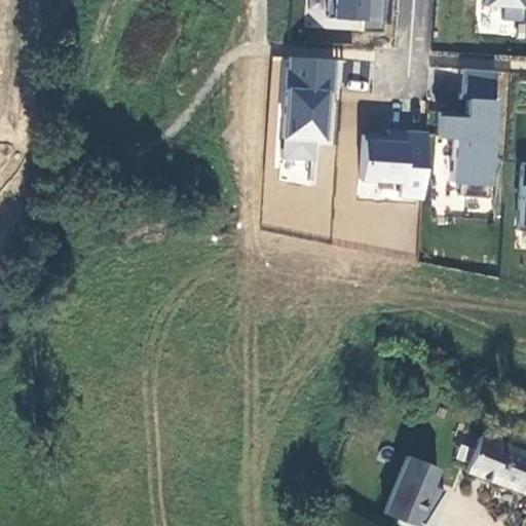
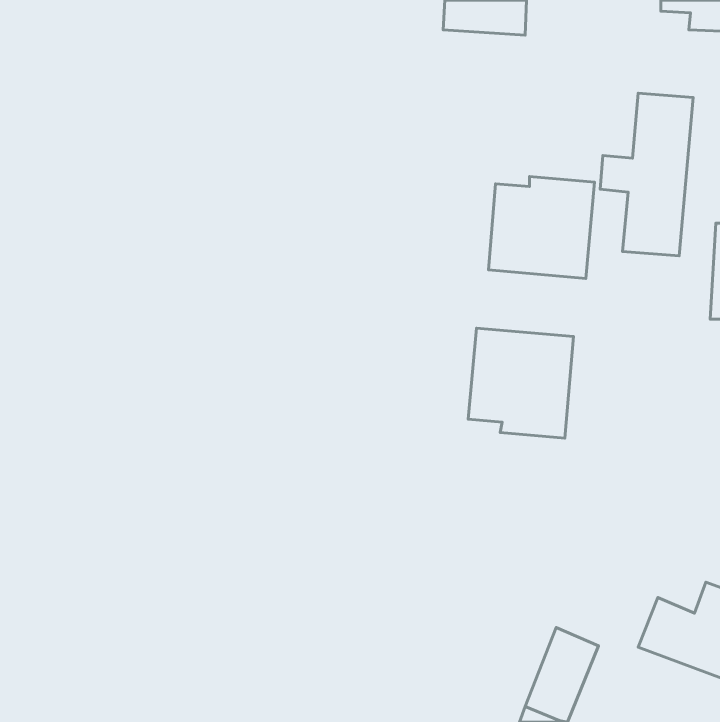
building: [277,54,339,183] -> none
building: none -> [468,328,574,438]

